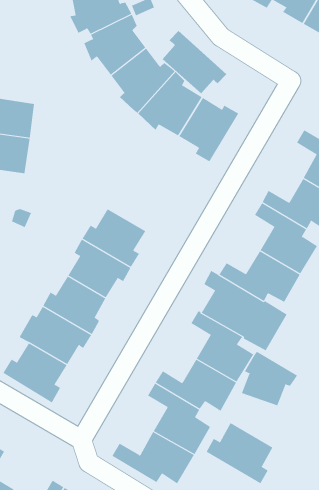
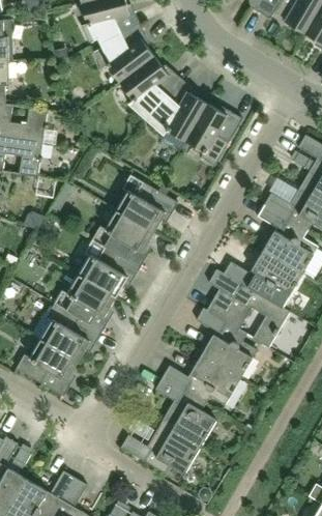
building: [162,30,227,94] -> none
building: none -> [116,174,177,232]
building: [241,351,298,406] -> none
building: [206,422,273,484] -> none

